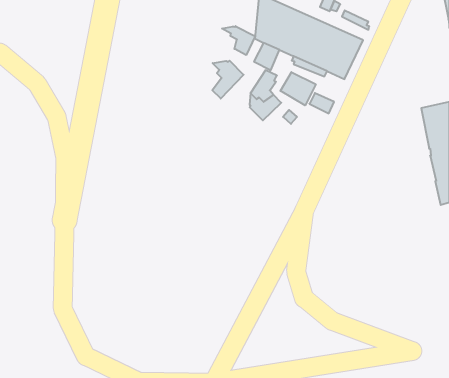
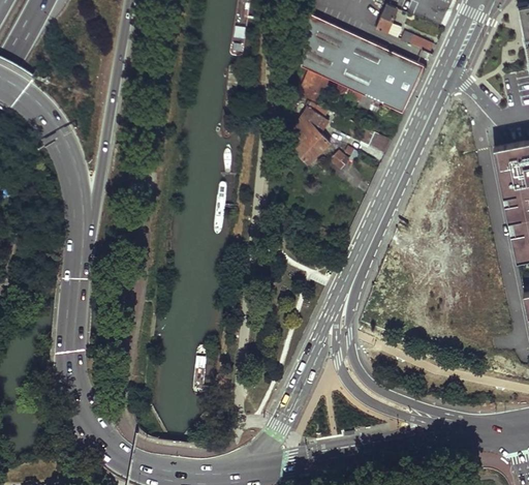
building: [222,26,255,55] -> none
building: [212,61,244,99] -> none
building: [280,72,316,105] -> none

